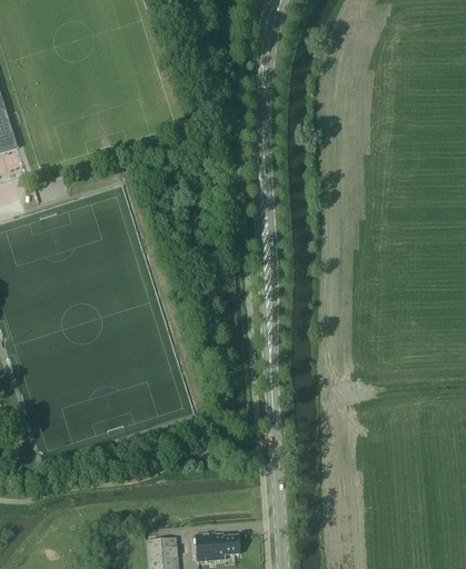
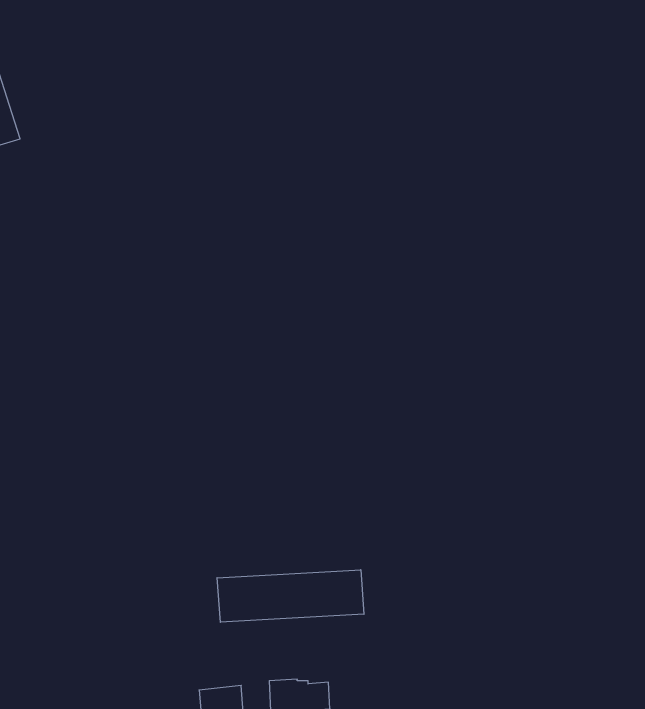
building: none -> [217,570,364,622]

